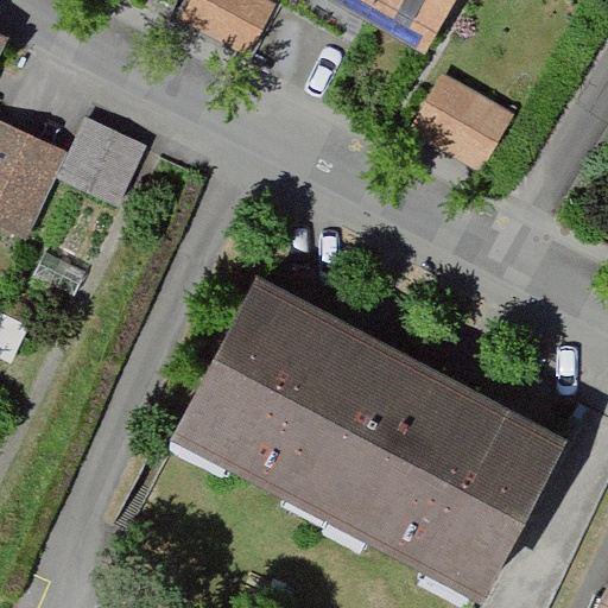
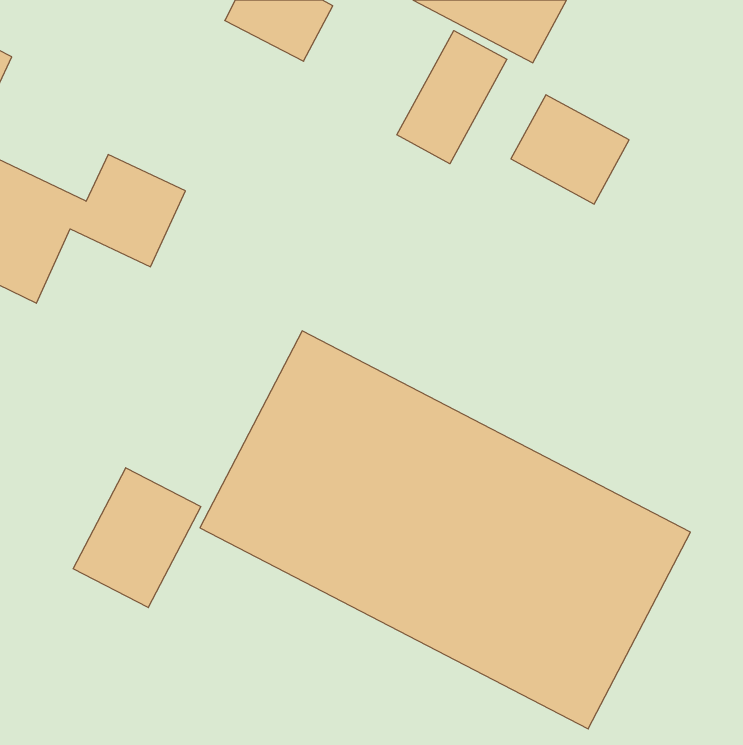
building: none -> [397,31,507,164]
building: none -> [73,468,201,608]

